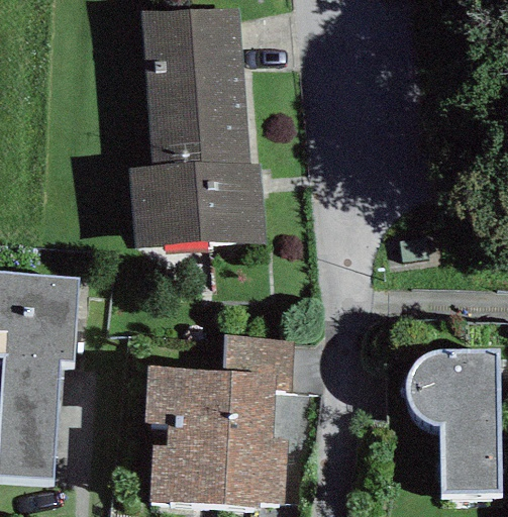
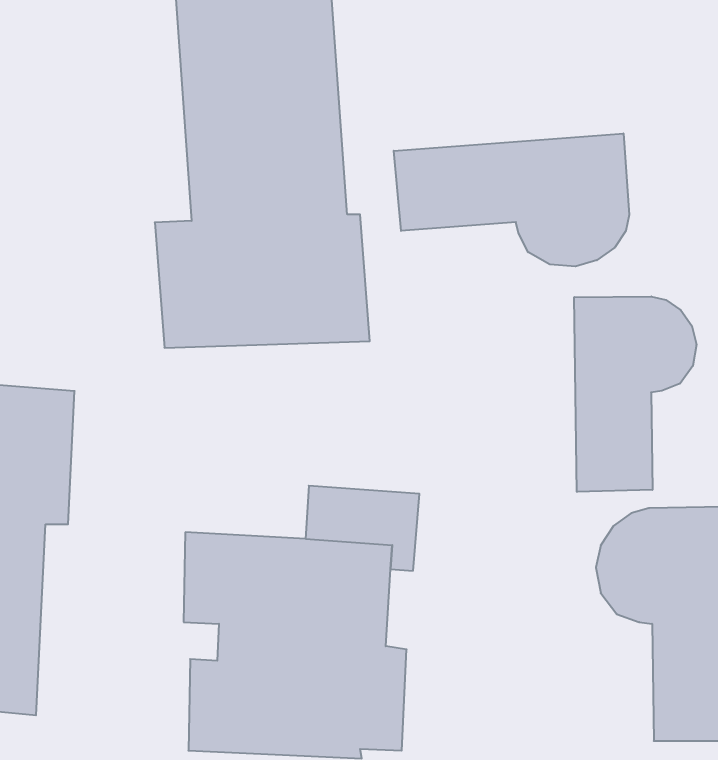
building: none -> [394,133,629,266]
building: none -> [574,296,696,492]

